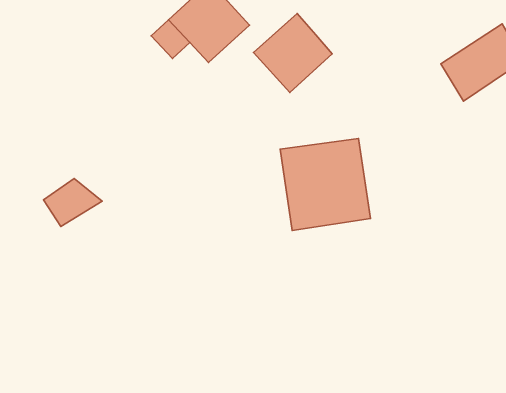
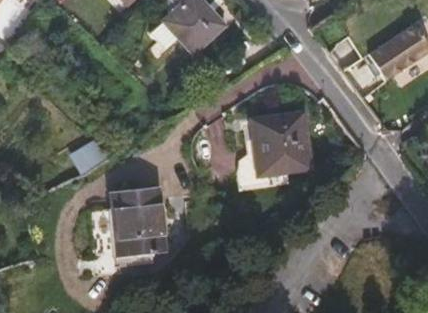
building: [254,14,332,92] -> none
building: none -> [91,186,165,266]

